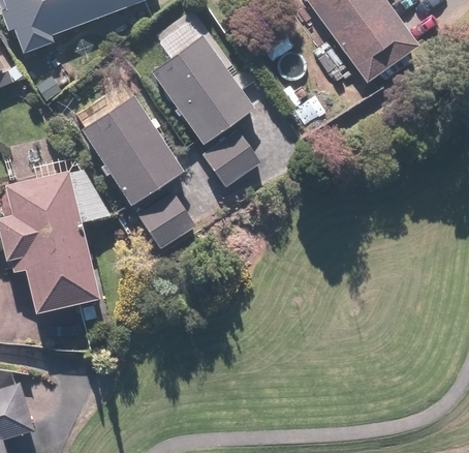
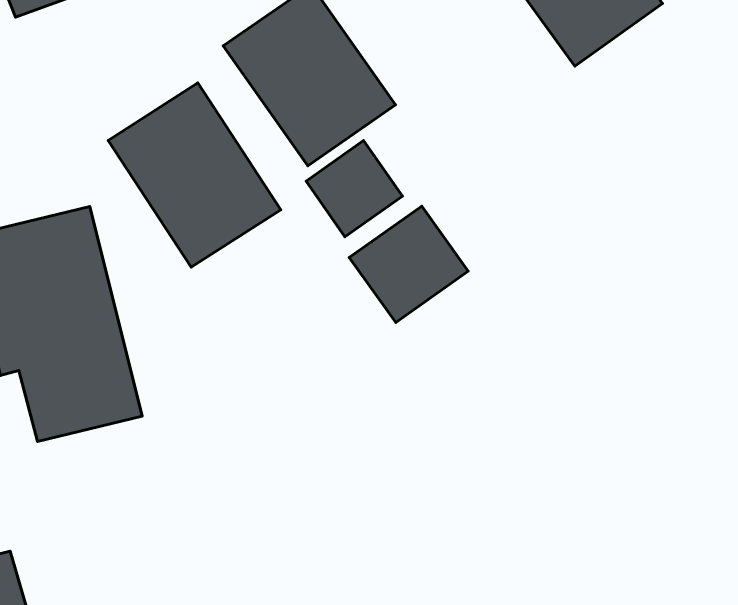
building: none -> [349,206,468,322]
building: [135,189,194,247] -> none

